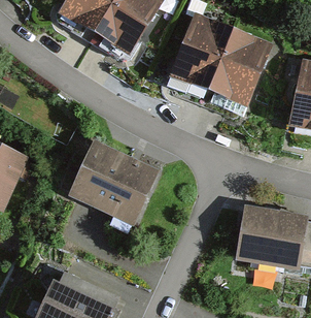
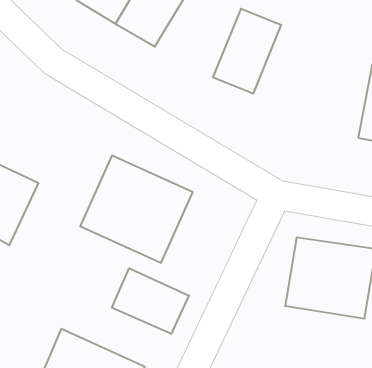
building: [207,31,264,101] -> none
building: none -> [112,268,189,334]

